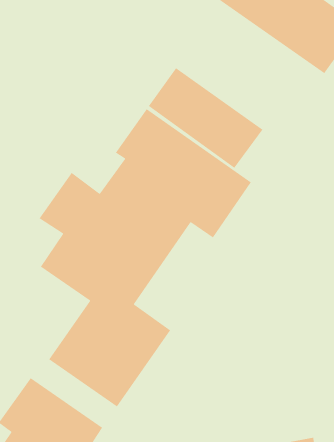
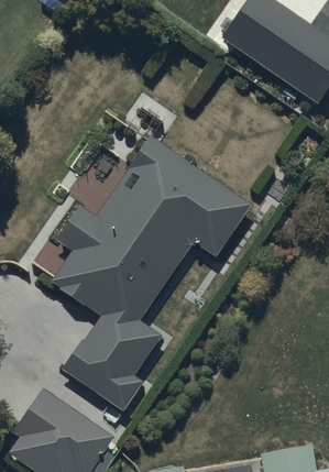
building: [148,67,263,169] -> none

